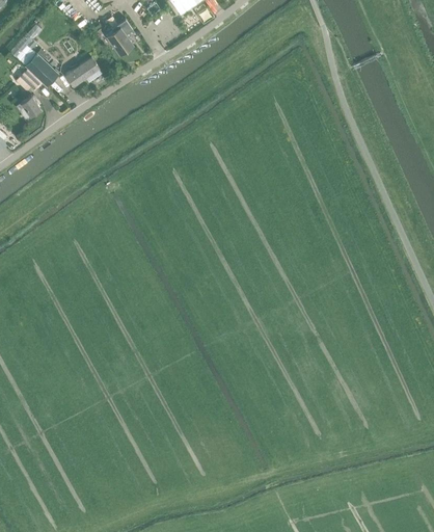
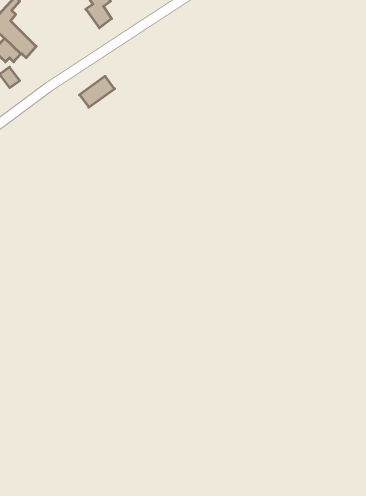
building: [65,57,101,88] -> [79,76,115,107]

